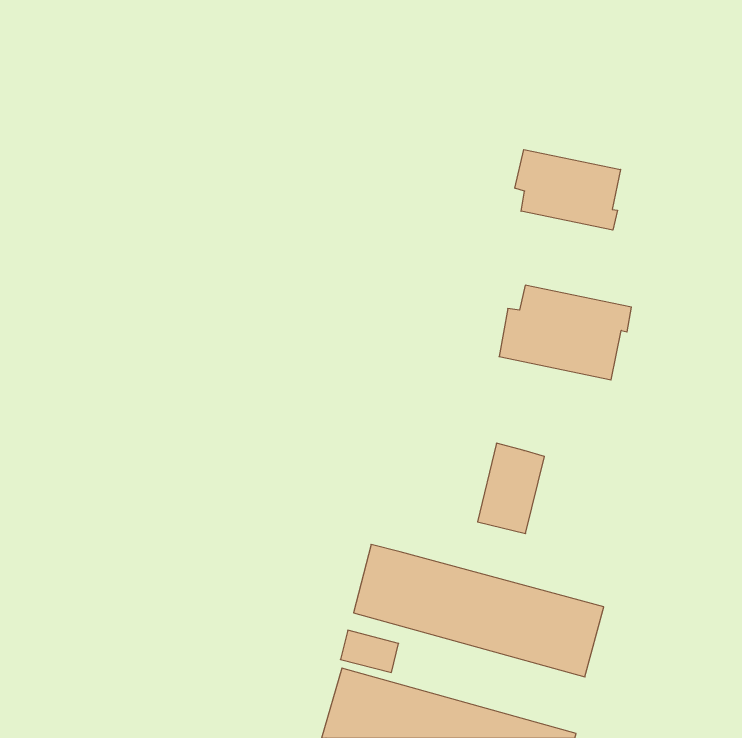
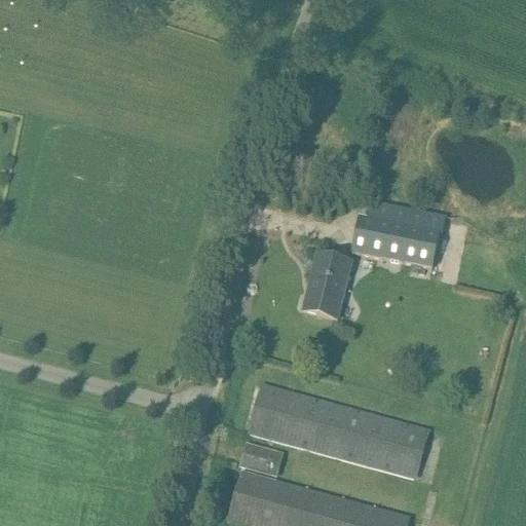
building: [515,150,621,230] -> none
building: [478,443,544,534] -> [303,255,350,318]

